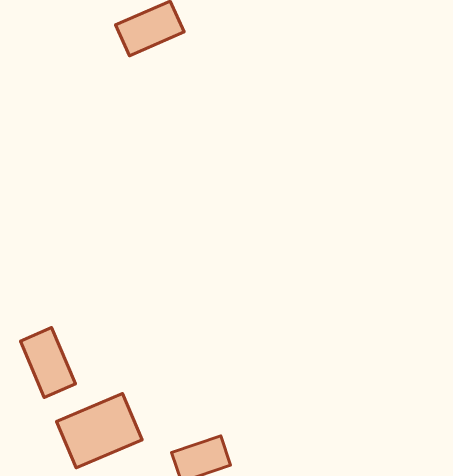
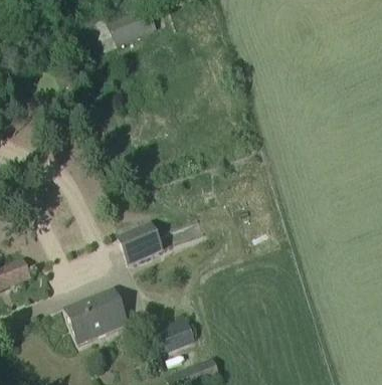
building: none -> [120,223,164,262]
building: [20,328,76,397] -> none

